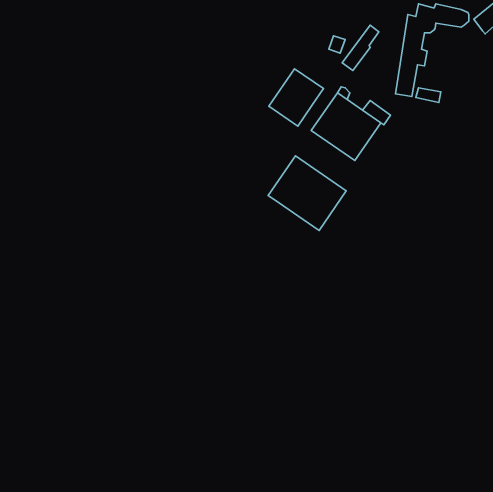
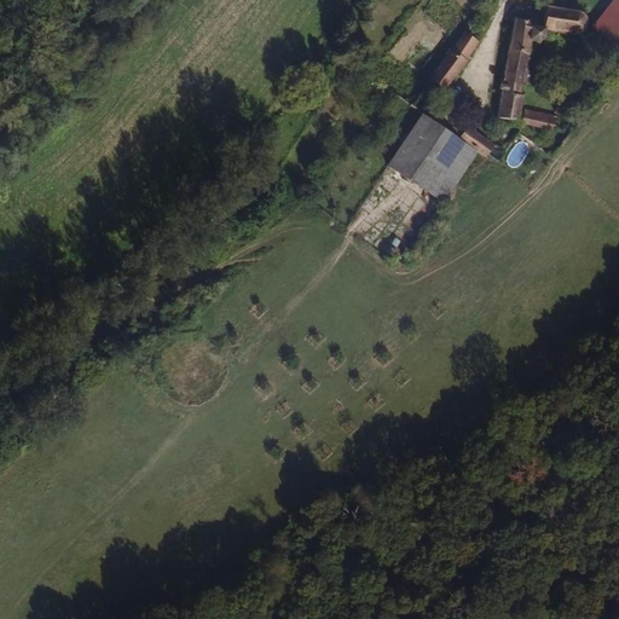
building: [269,69,323,126] -> none
building: [268,156,346,230] -> none

